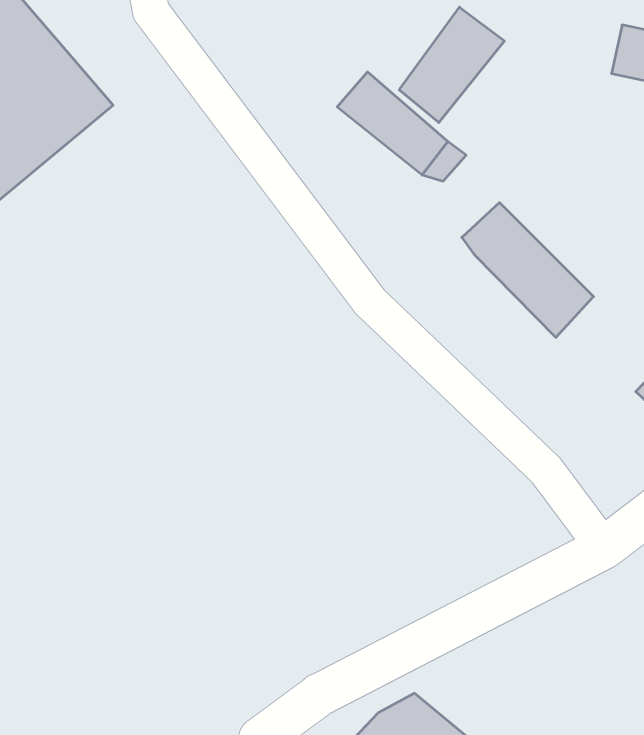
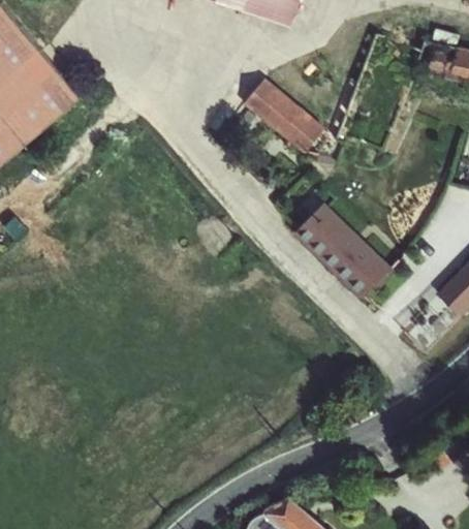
building: [399,7,504,123] -> none
building: [462,203,594,337] -> [300,206,389,298]

